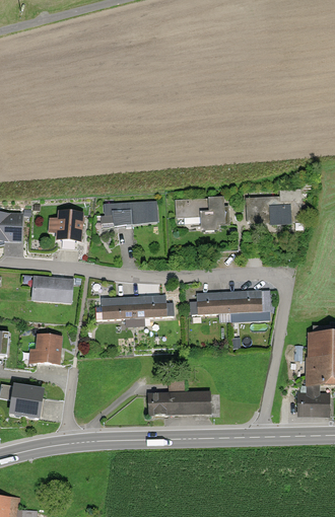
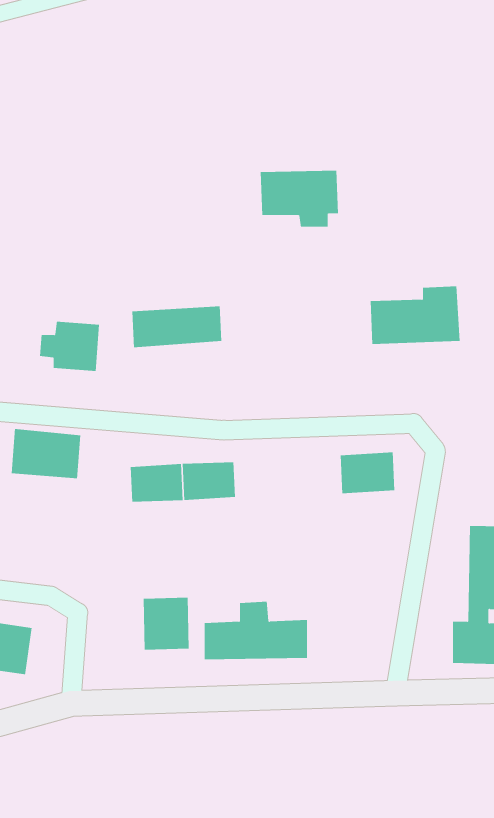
building: [176,197,223,231] -> [260,170,339,227]
building: [196,291,229,315] -> none
building: [35,334,62,366] -> none
building: none -> [143,597,189,651]

